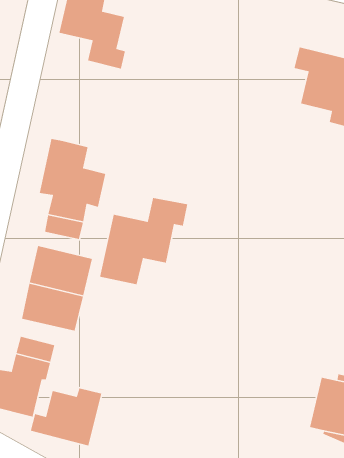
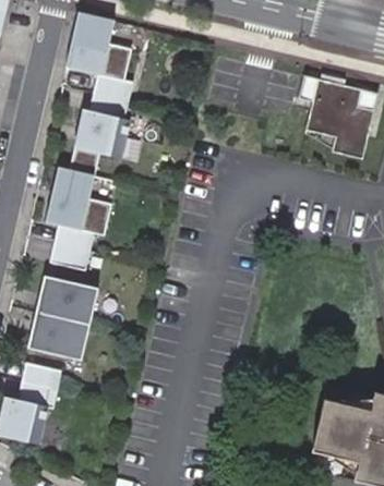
building: none -> [68,92,130,177]
building: [99,197,188,285] -> none
building: [30,387,102,447] -> none

